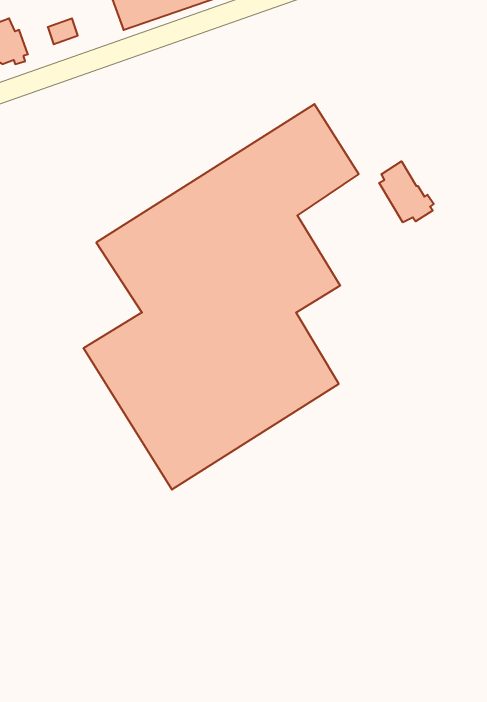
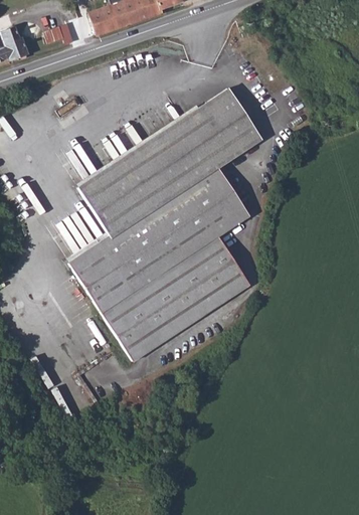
building: [379,161,434,222] -> none

